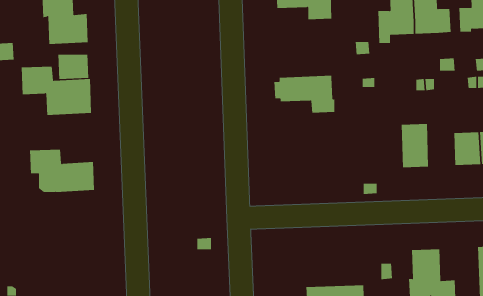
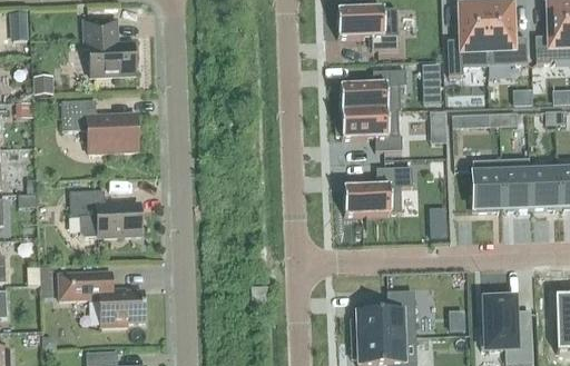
building: none -> [338,69,406,111]
building: [58,54,89,80] -> none
building: none -> [501,160,530,208]
building: none -> [343,166,412,215]
building: none -> [58,270,145,326]
building: none -> [367,295,432,338]

